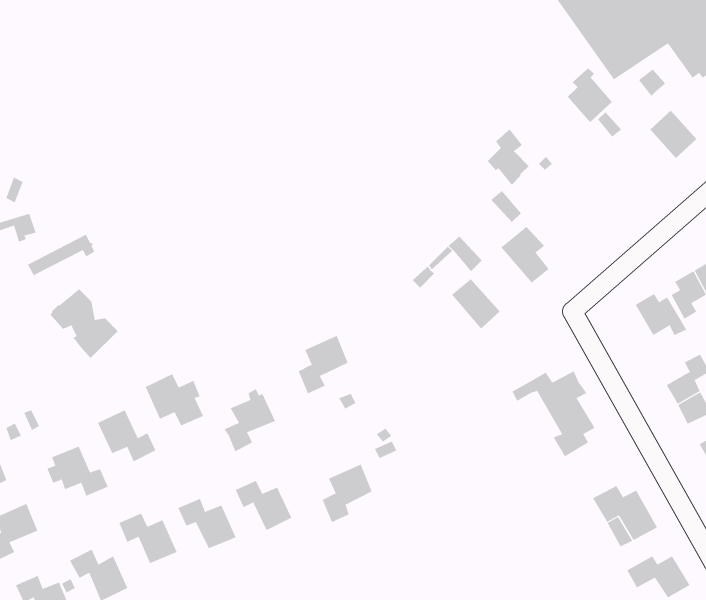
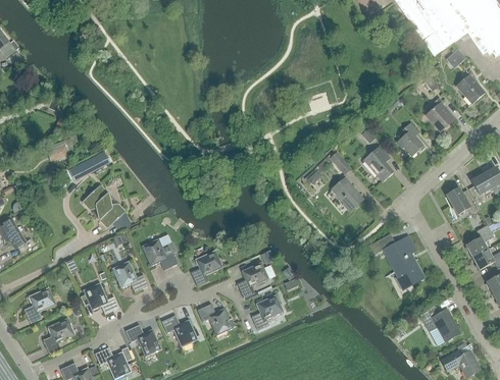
building: [567,67,613,123] -> [426,97,454,131]
building: [487,128,529,186] -> [396,121,422,157]
building: [298,335,349,394] -> [237,261,268,297]

